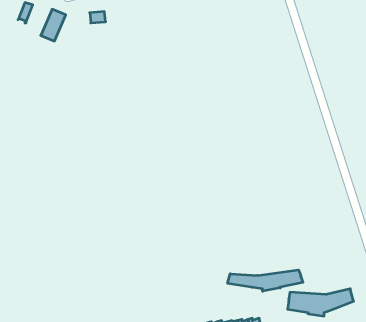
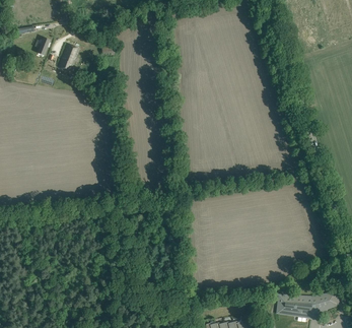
building: [228,270,303,291] -> none

